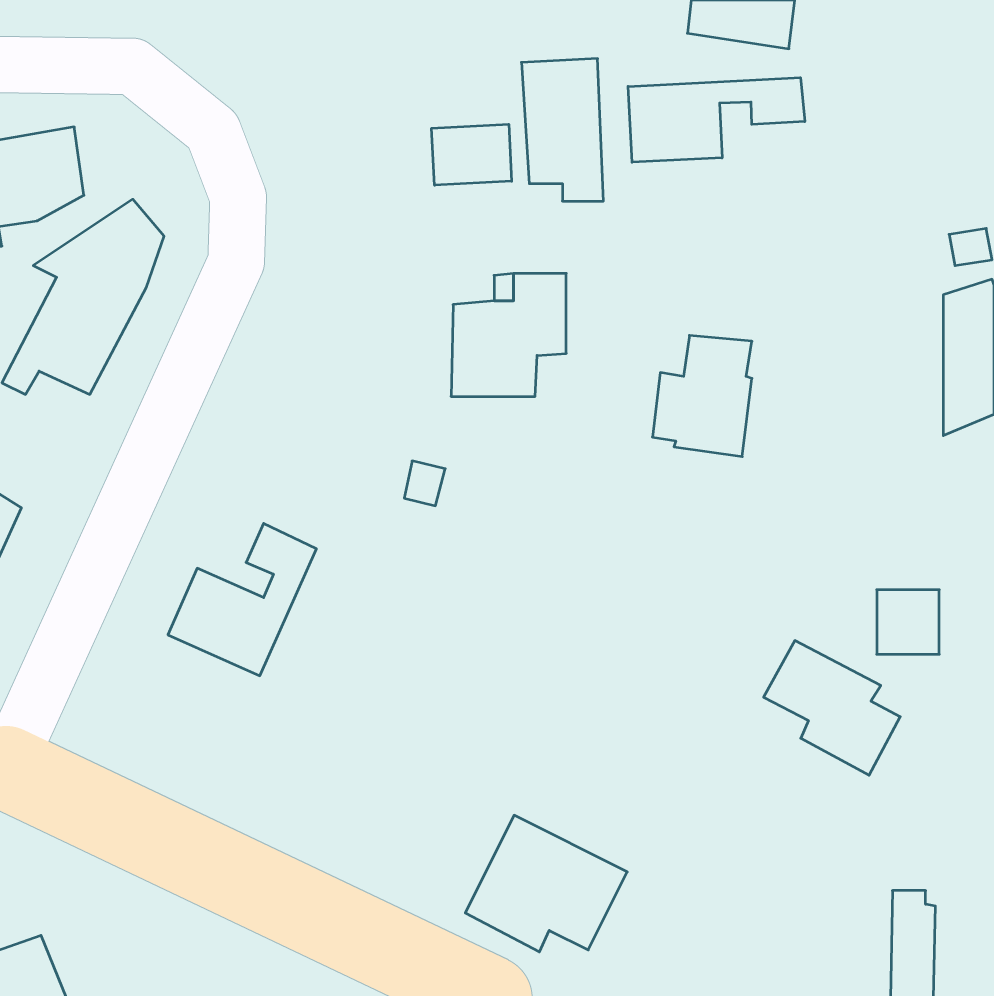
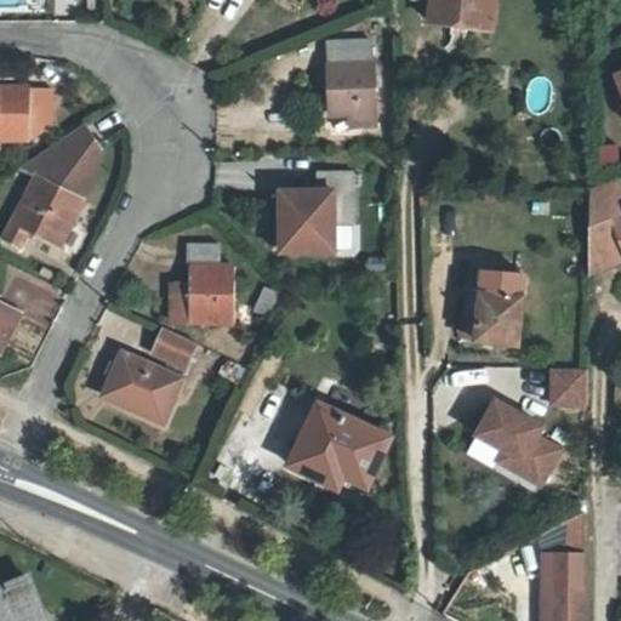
building: [628,78,805,162] -> none
building: [432,124,512,185] -> none
building: [652,335,752,457] -> [461,270,523,346]
building: none -> [171,243,235,324]
building: [465,815,627,952] -> [291,405,392,490]

